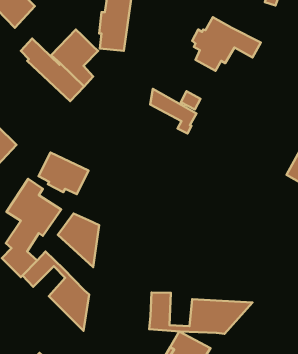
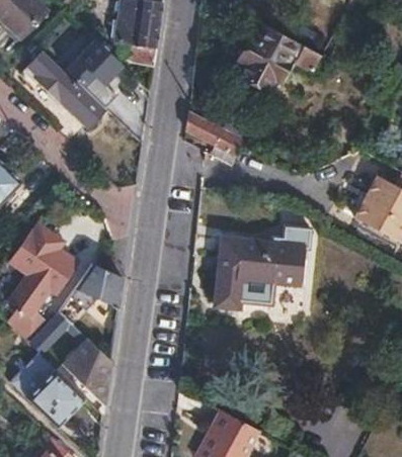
building: [39,153,89,194] -> none
building: none -> [218,229,309,308]
building: none -> [8,352,85,429]
building: [149,292,253,334] -> none

